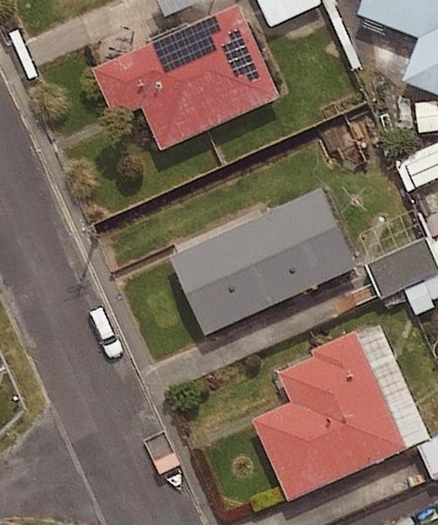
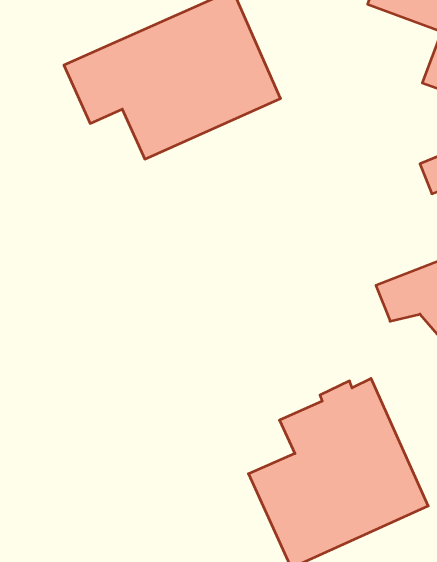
building: [171,187,358,333] -> none

